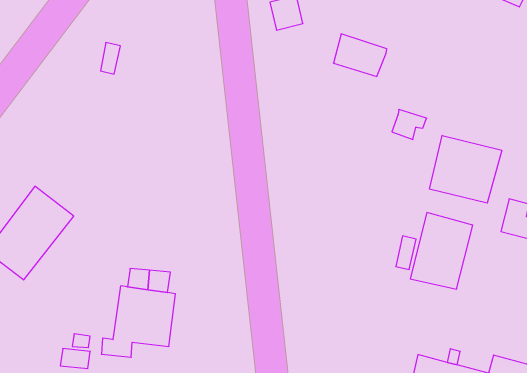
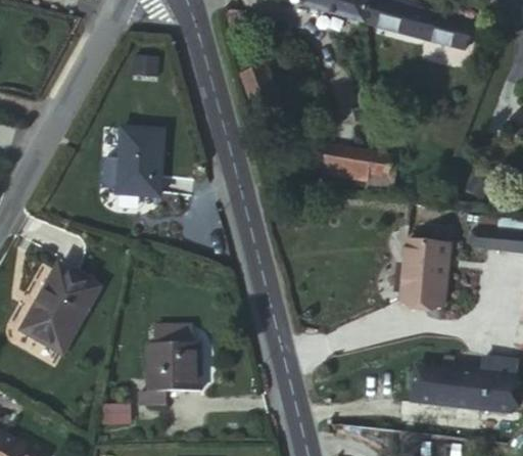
building: [333,34,387,76] -> [324,147,369,180]
building: none -> [118,129,162,196]
building: [430,135,502,203] -> none

